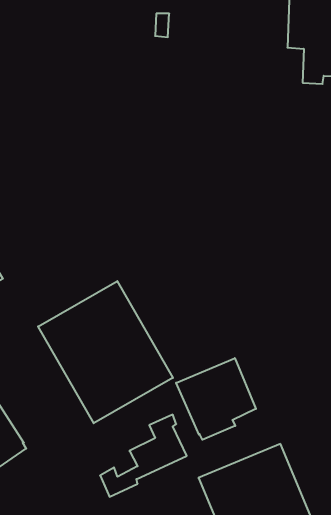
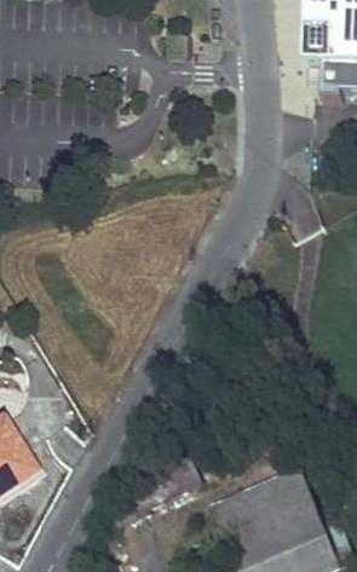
building: [38,281,173,423] -> none
building: [176,358,256,440] -> none

